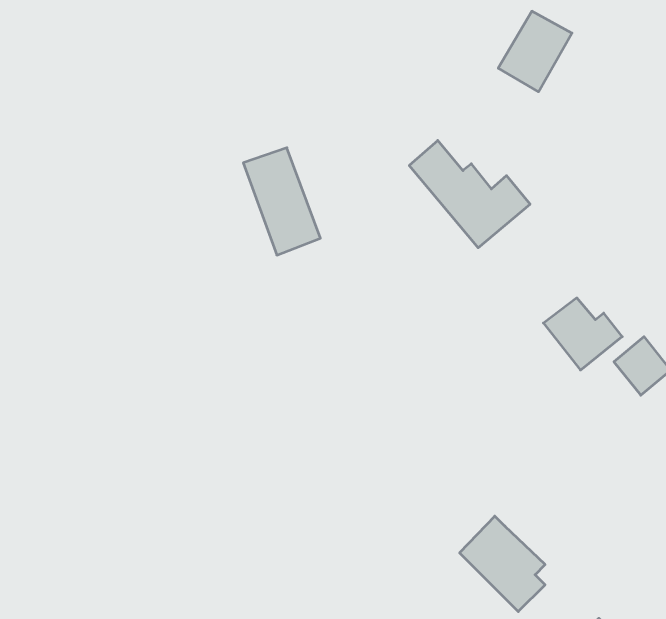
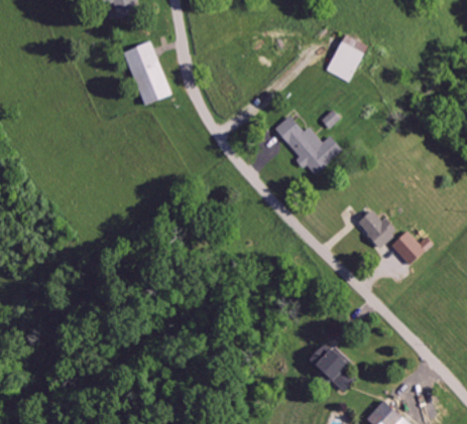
building: [243,148,320,255] -> [125,41,171,106]

